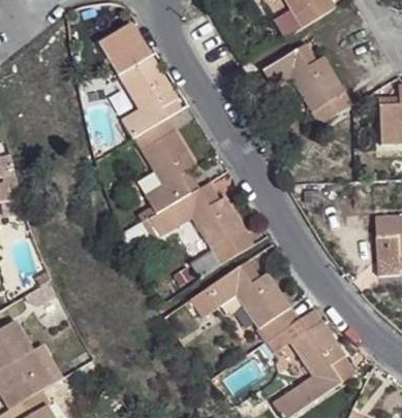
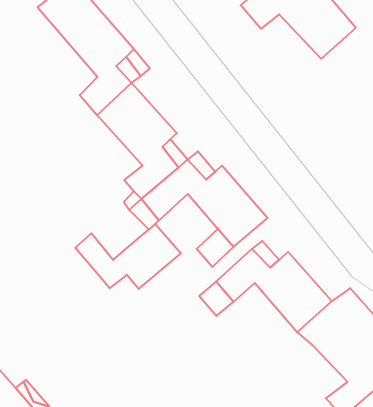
building: none -> [75,224,181,289]

